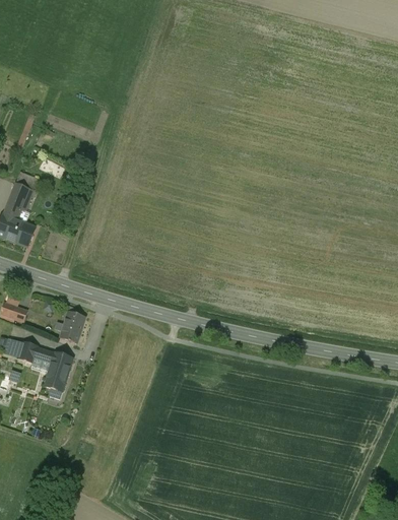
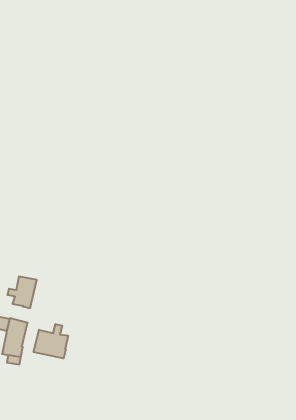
building: none -> [34,324,68,358]

